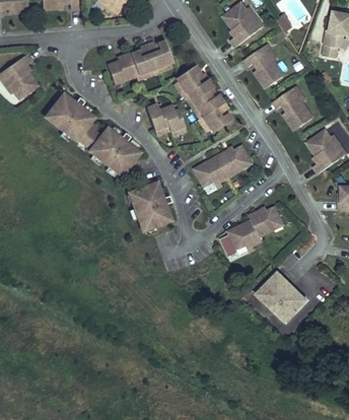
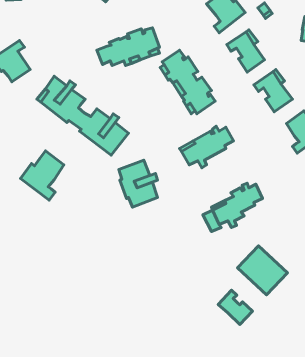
building: [145,103,186,133] -> none
building: none -> [20,151,64,200]
building: none -> [218,290,252,325]

